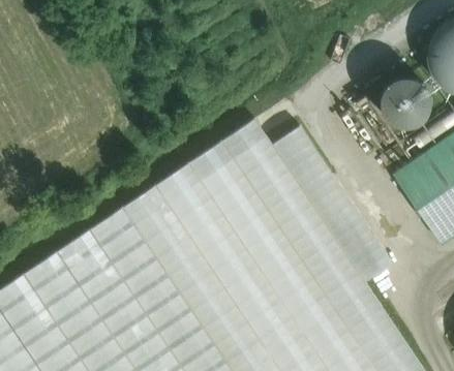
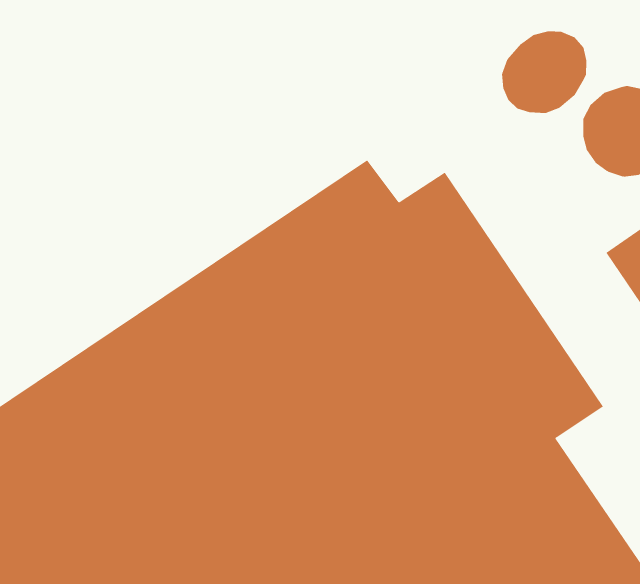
building: none -> [502,30,587,114]

